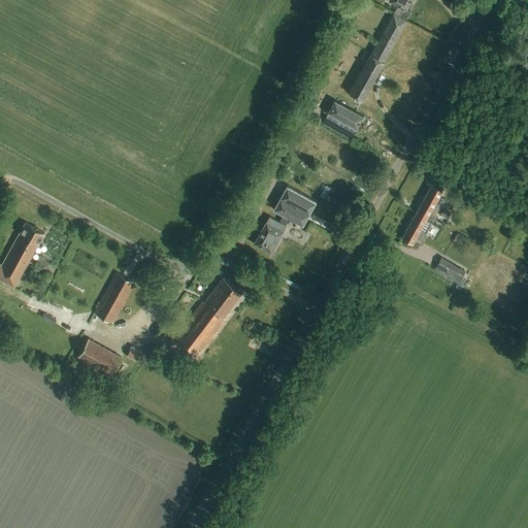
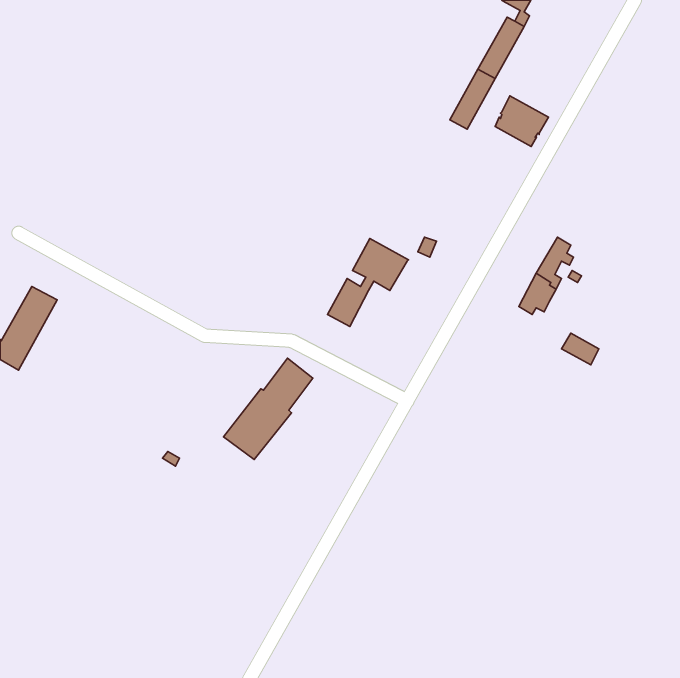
building: [323,101,364,140] -> [495,96,548,146]
building: [94,274,135,325] -> none
building: [78,341,121,376] -> none

